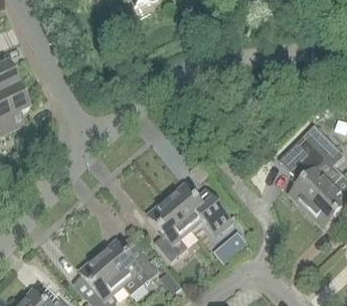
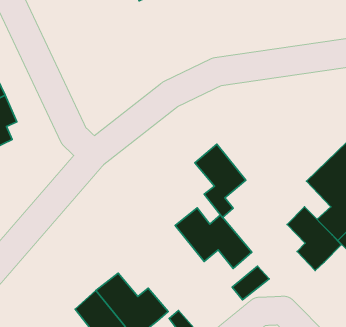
building: none -> [287,207,341,270]
building: [146,197,190,261] -> [195,144,246,218]

